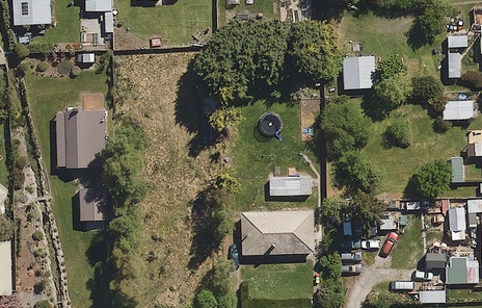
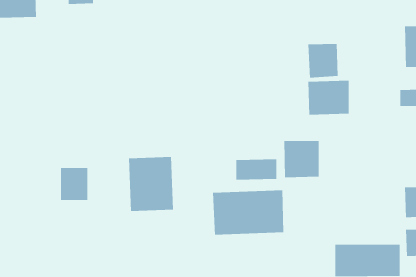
building: none -> [308,80,349,115]
building: [58,108,107,168] -> [128,156,174,212]
building: none -> [284,140,319,178]

